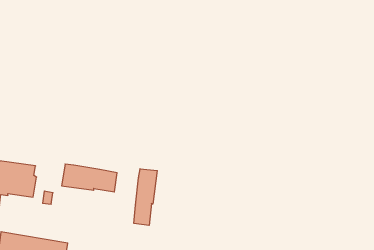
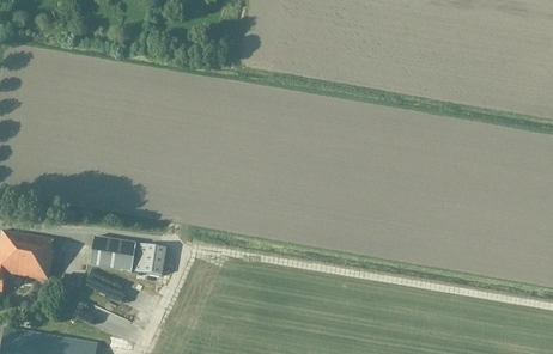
building: [134,169,157,225] -> none

